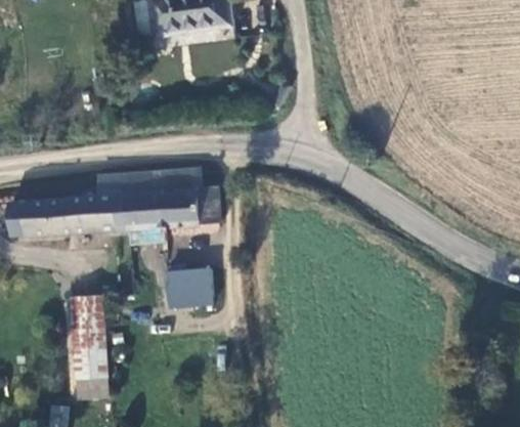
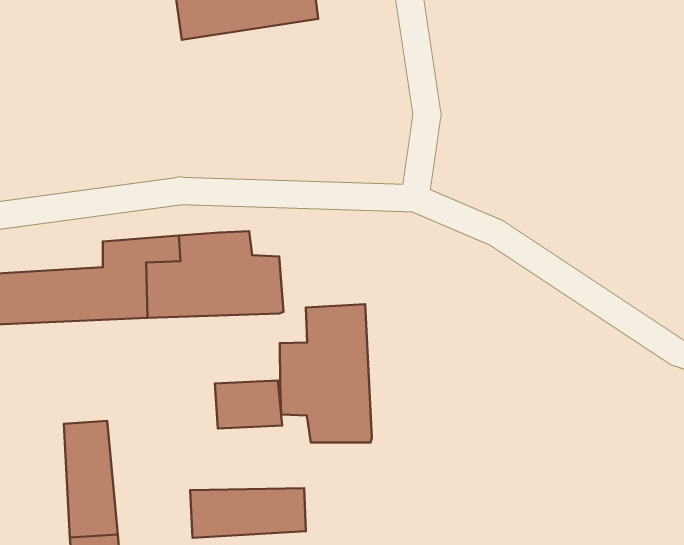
building: none -> [280,304,372,443]
building: none -> [190,488,306,538]

